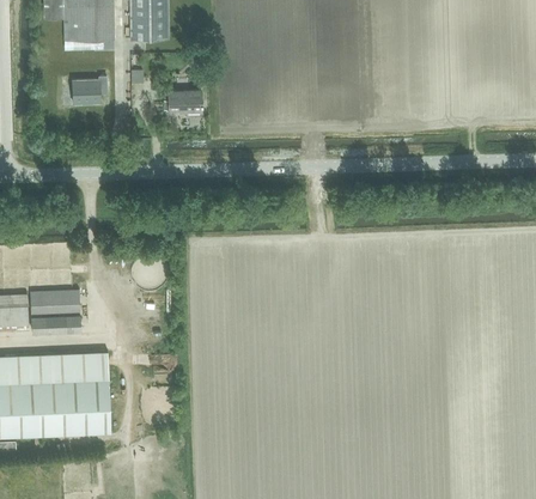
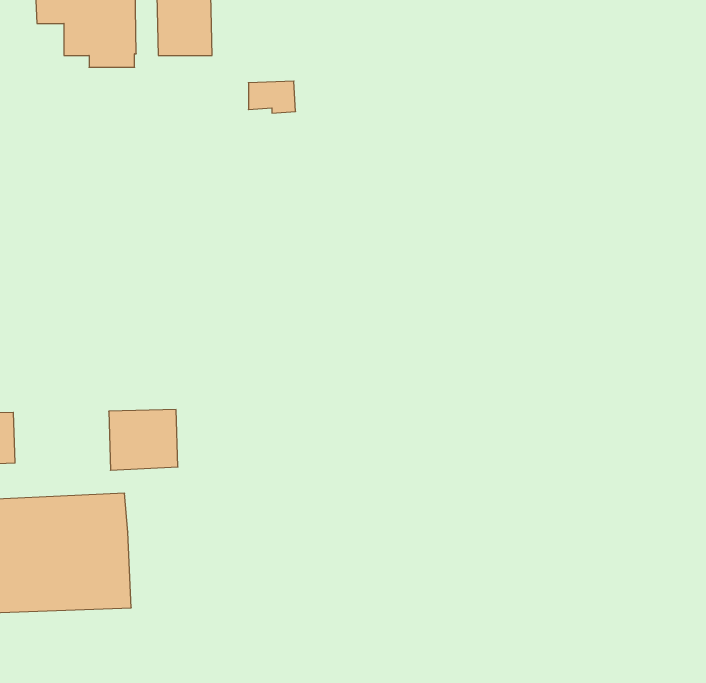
building: [73,77,105,103] -> none
building: [166,91,200,114] -> [248,81,296,113]
building: [31,292,80,335] -> [109,410,178,470]

